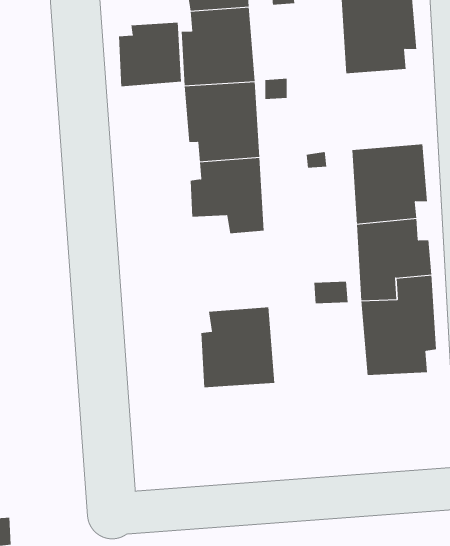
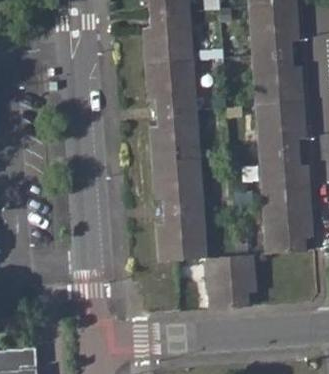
building: [119,22,182,87] -> none
building: none -> [252,52,303,105]
building: none -> [151,148,230,211]
building: none -> [206,254,255,308]

